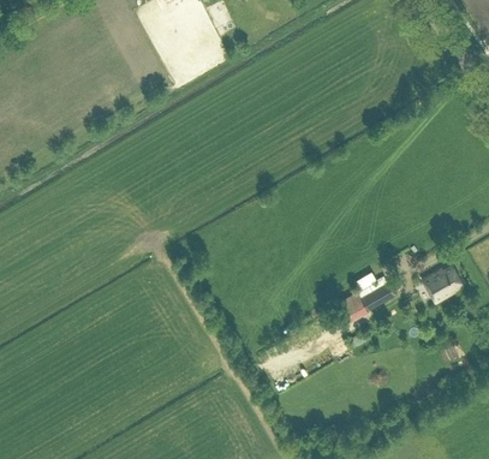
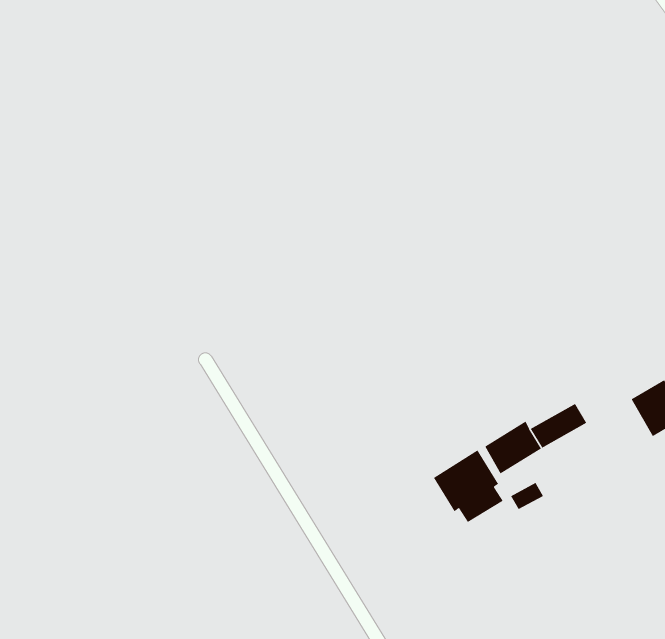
building: none -> [433,449,504,523]

